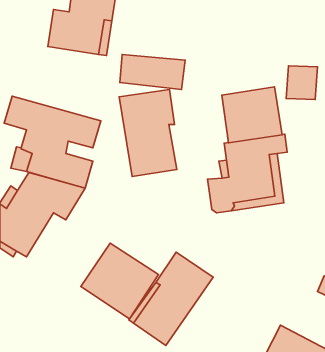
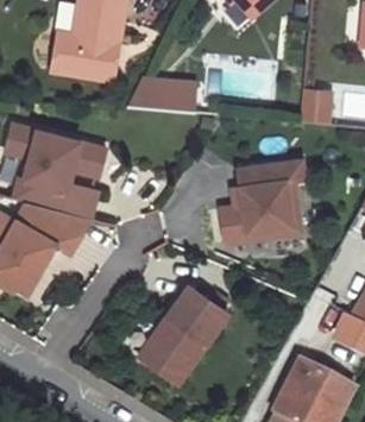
building: [222,87,282,143] -> none
building: [119,89,177,177] -> none
building: [81,243,158,319] -> none

